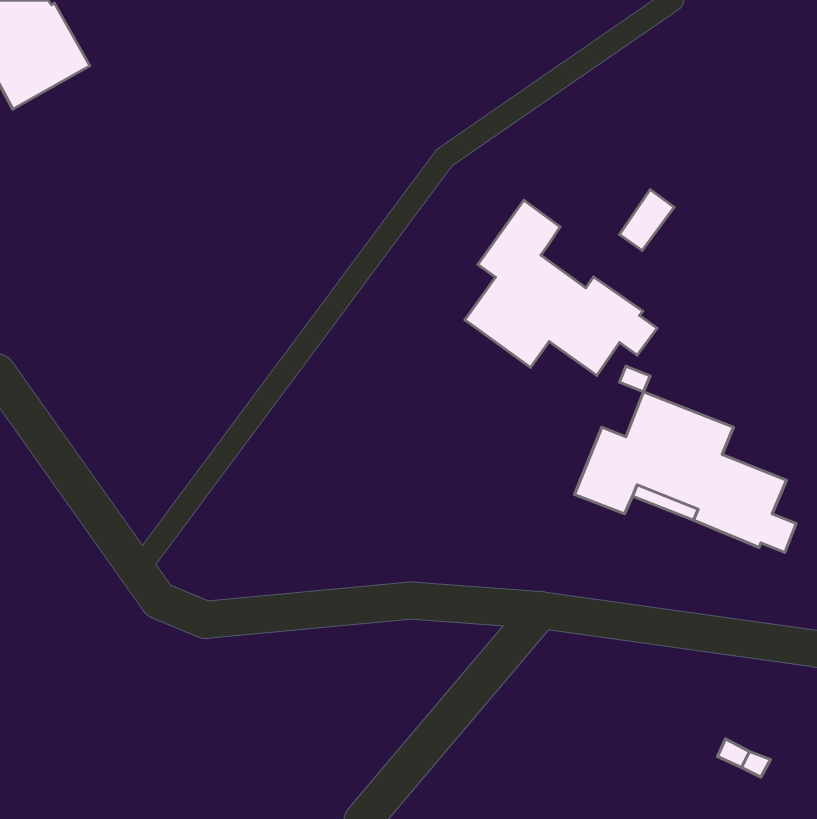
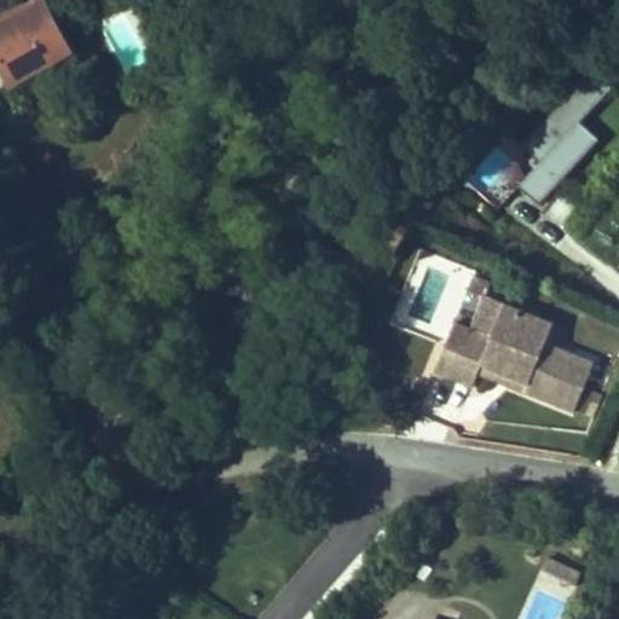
building: none -> [516,70,609,206]
building: [465,200,657,375] -> none

